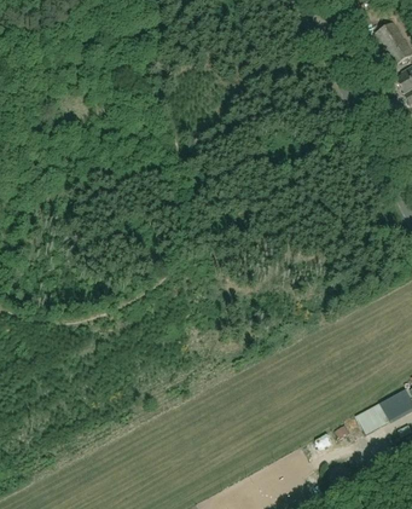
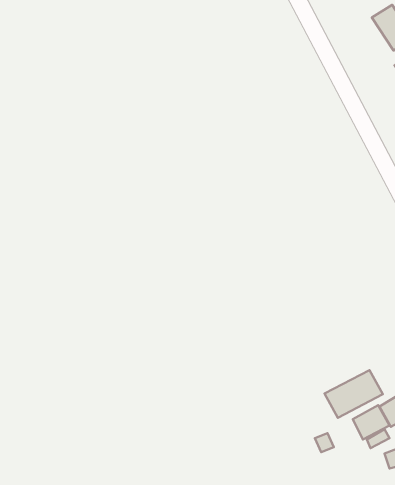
building: none -> [325,370,383,418]

